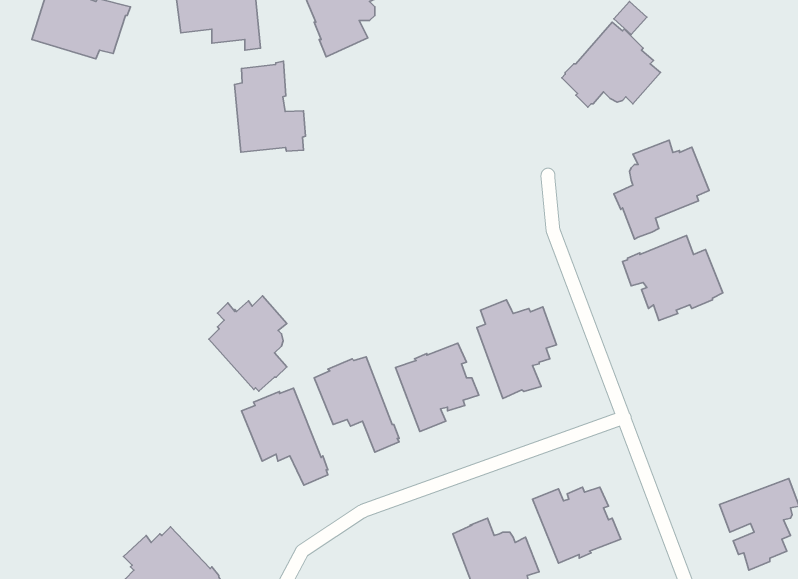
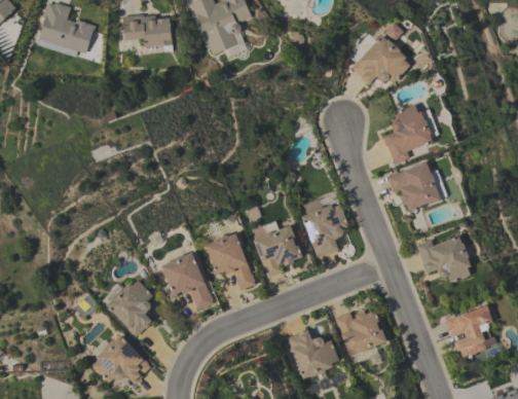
building: [234,61,306,152] -> none
building: [209,296,287,391] -> [106,280,152,336]
building: none -> [416,235,470,283]

